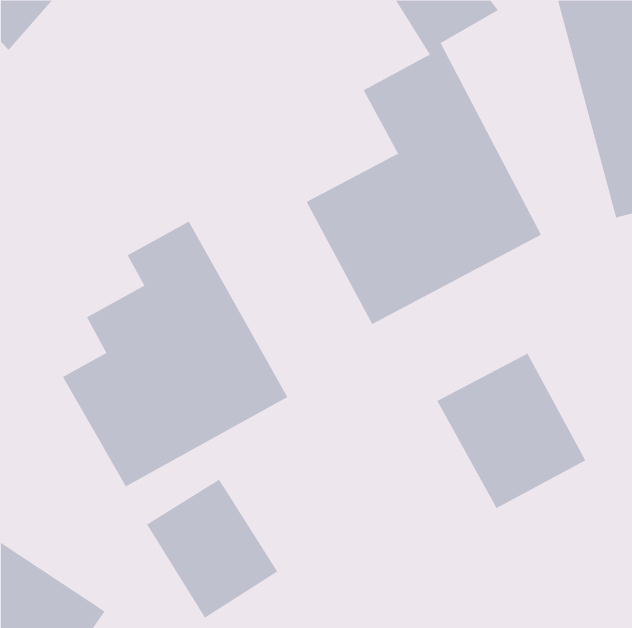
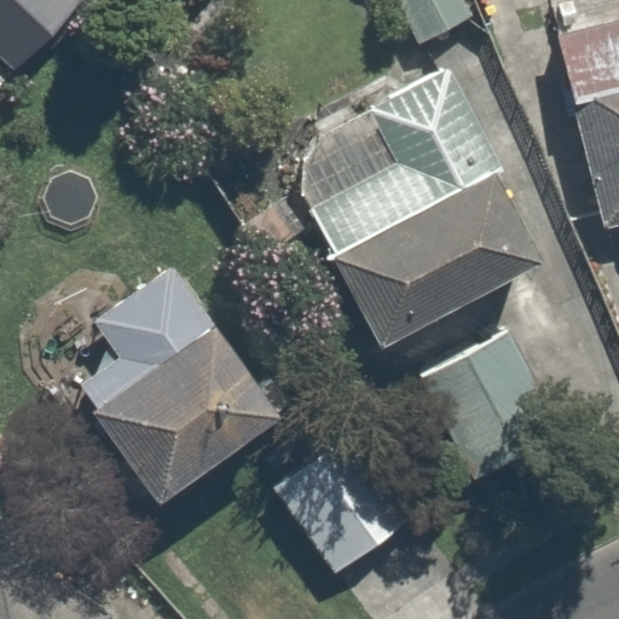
building: [146,479,278,618] -> [288,440,413,573]

